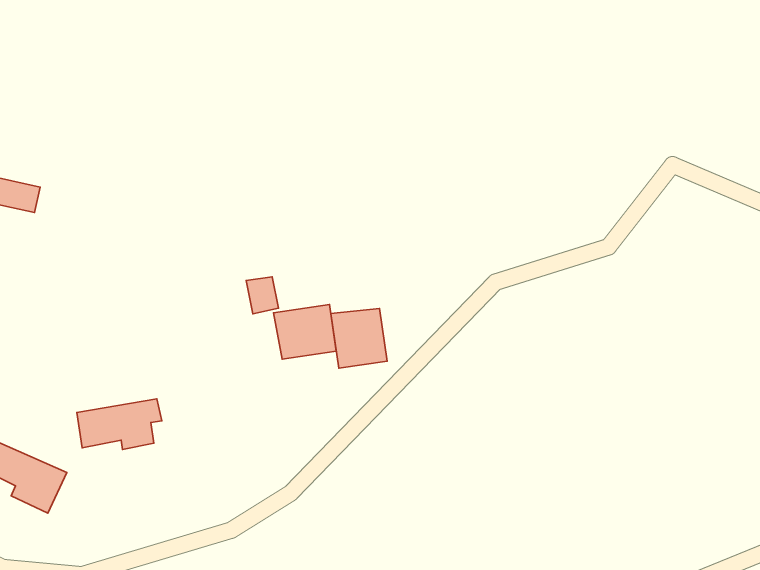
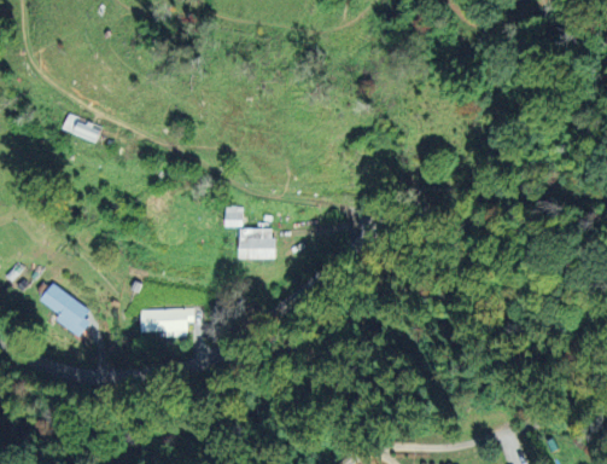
building: [331,308,387,368] -> none
building: [77,399,162,450] -> [140,308,193,337]

